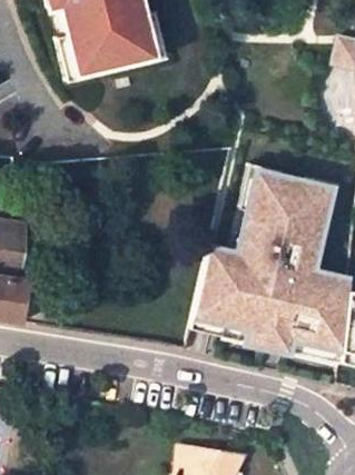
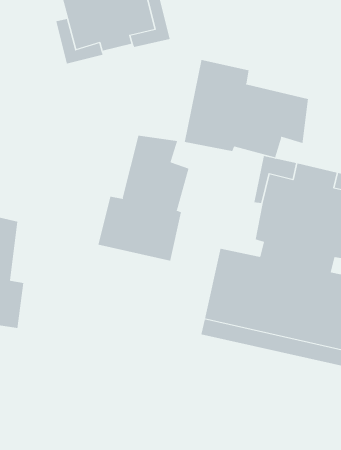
building: none -> [184,59,308,158]
building: none -> [98,135,189,262]

